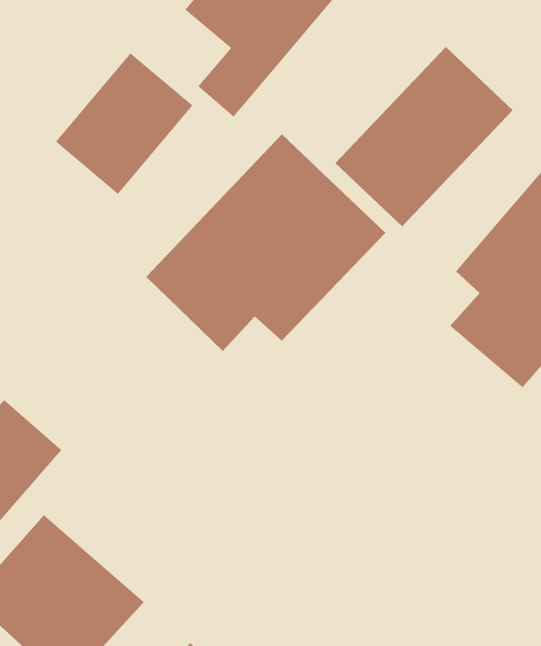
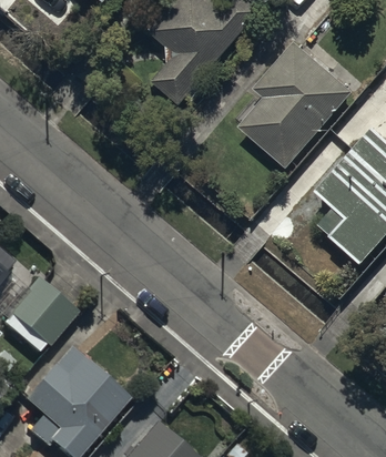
building: [55,52,193,195] -> none
building: [145,133,386,352] -> none

